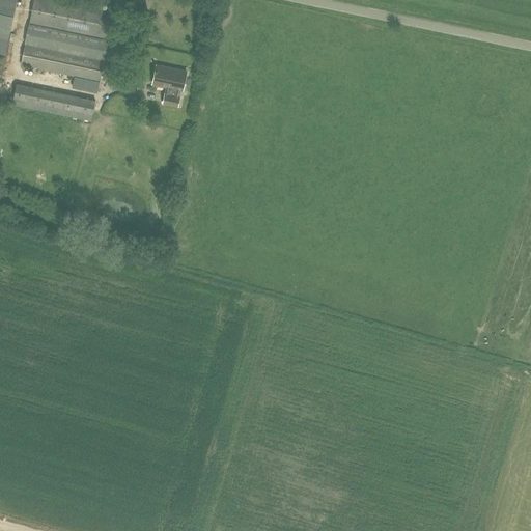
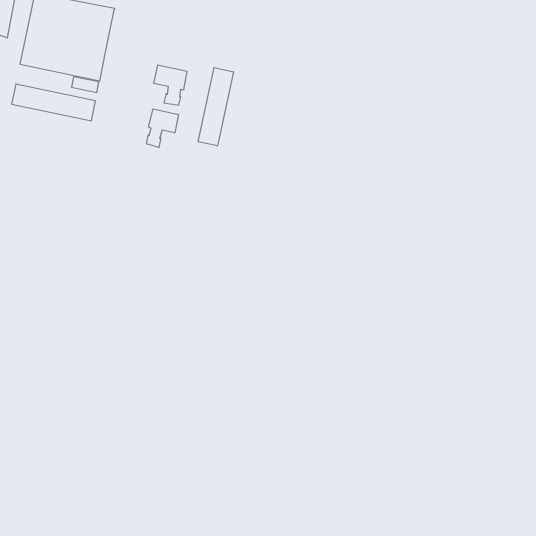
building: none -> [198,68,233,146]
building: none -> [147,109,178,148]

